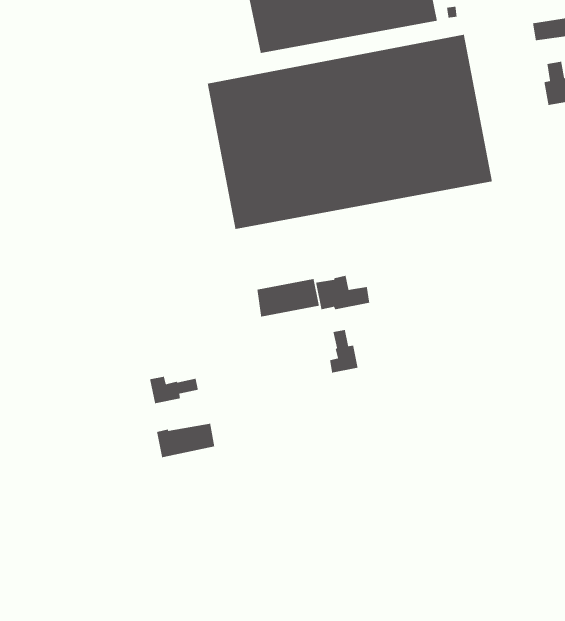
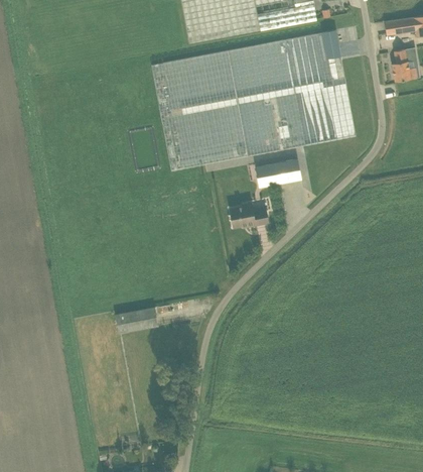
building: [256,278,320,317] -> [257,157,302,186]
building: [329,329,358,374] -> none
building: [149,376,199,404] -> none

